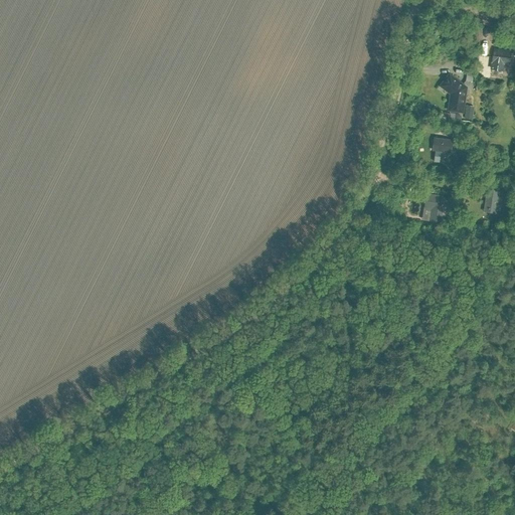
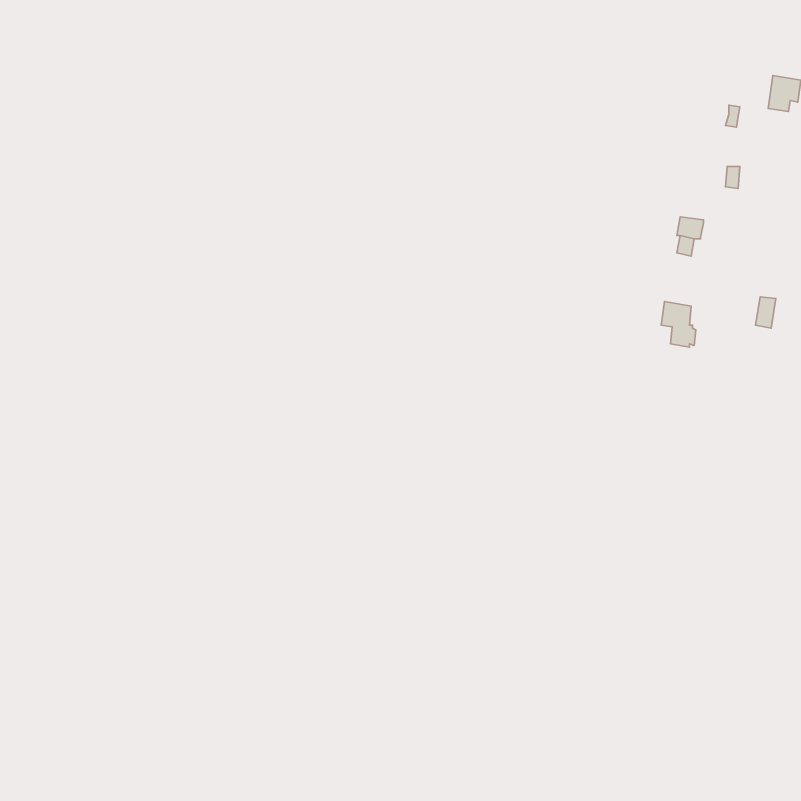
building: [443,76,465,110] -> none

